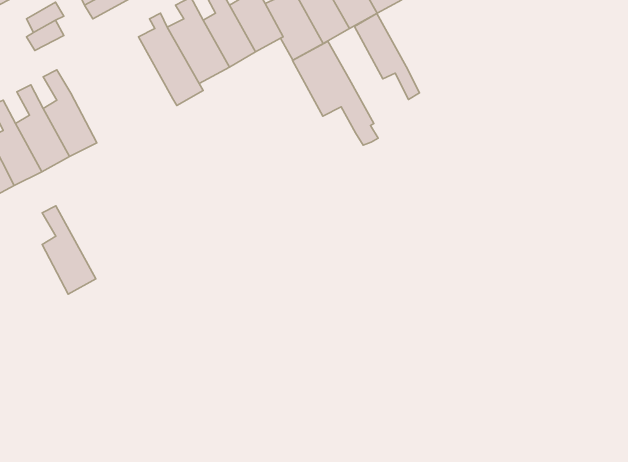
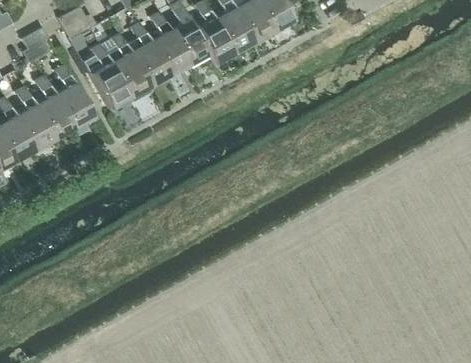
building: [354,13,420,99] -> none
building: none -> [84,44,129,106]
building: [293,41,378,145] -> none
building: [42,206,96,294] -> [55,63,94,127]

